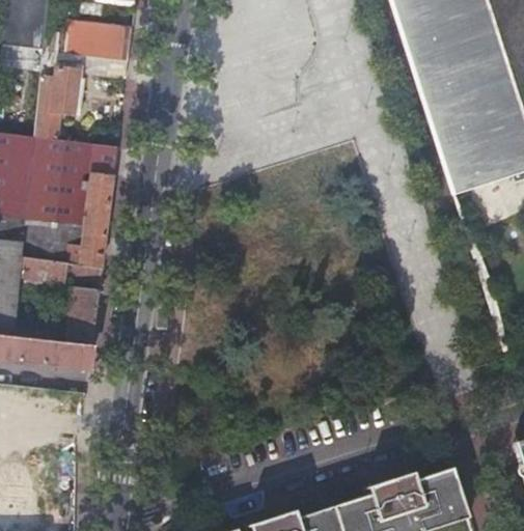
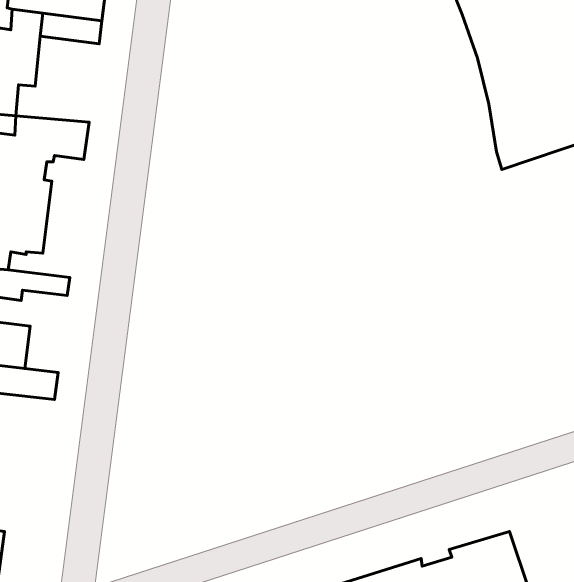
building: [50,171,111,270] -> none
building: [63,288,96,346] -> none

